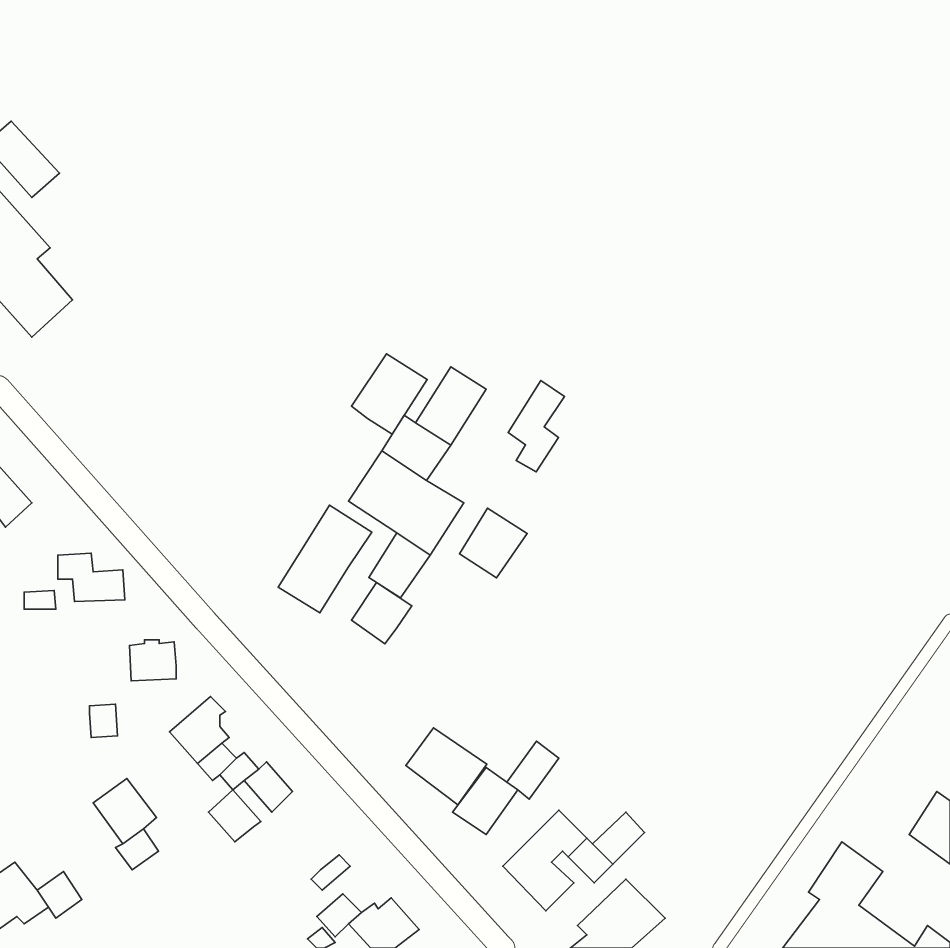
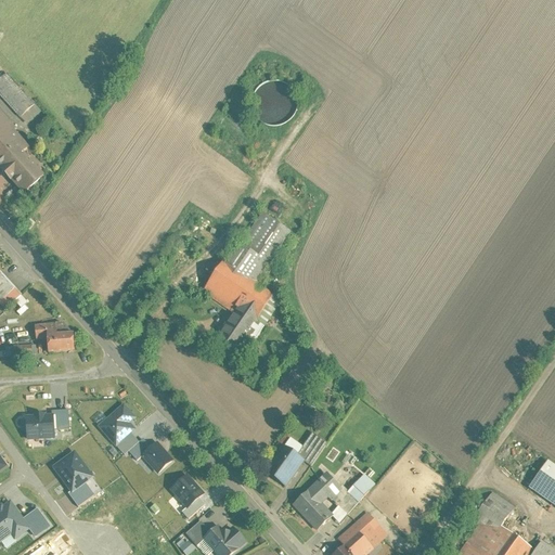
building: none -> [262,85,287,117]
building: [352,354,427,434] -> none
building: [508,381,564,472] -> none
building: [278,505,372,613] -> none
building: [460,508,527,578] -> none
building: [351,582,412,644] -> none
building: [129,640,176,681] -> [26,414,53,438]
building: [406,728,487,805] -> none
building: [209,790,261,842] -> [171,476,202,506]

